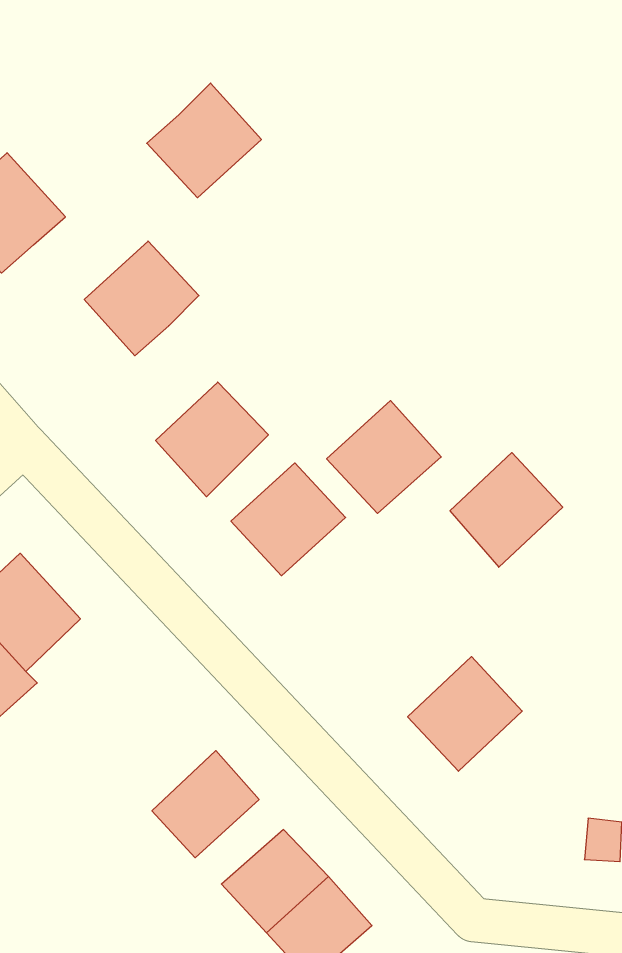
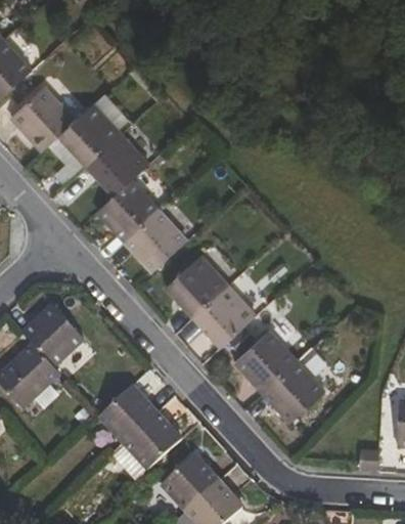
building: [147,83,261,198] -> [58,102,121,165]
building: none -> [97,179,159,242]
building: [327,401,441,513] -> [193,283,256,345]
building: [450,453,563,567] -> [235,330,297,392]
building: none -> [97,384,158,443]

